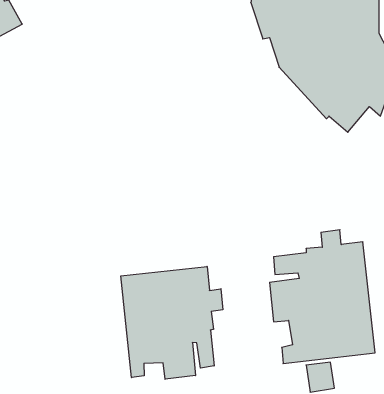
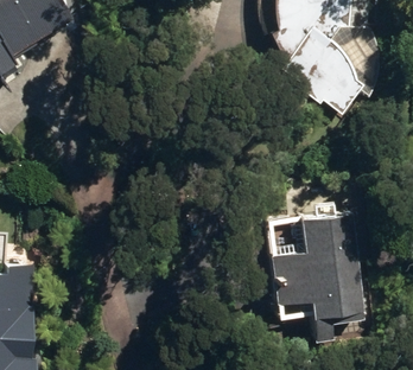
building: [121,266,223,379] -> none

